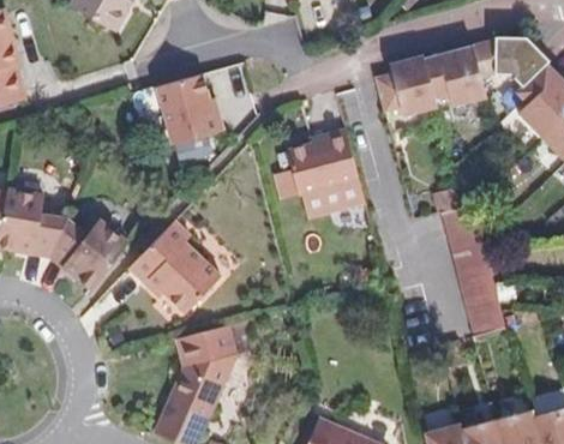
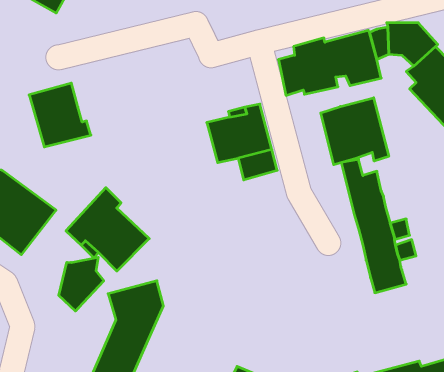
building: [157,72,226,143] -> [29,83,91,147]
building: none -> [321,98,389,165]
building: none -> [59,257,104,311]

